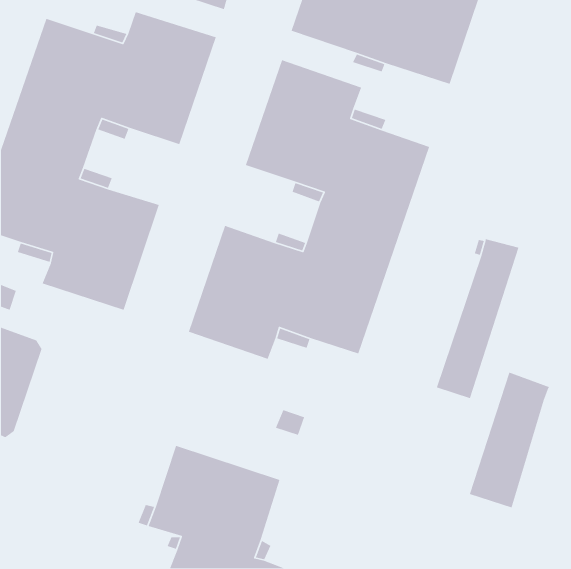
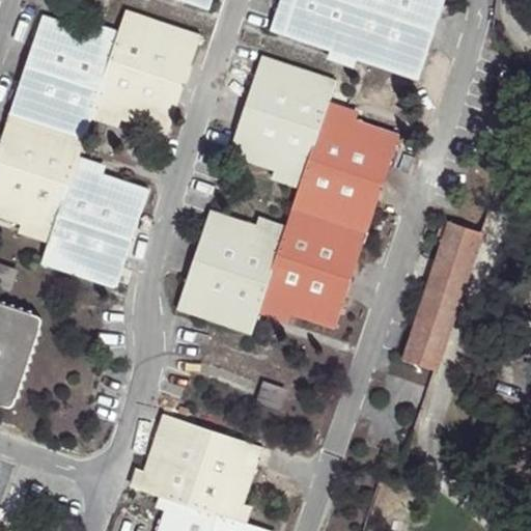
building: [469,371,551,508] -> none

